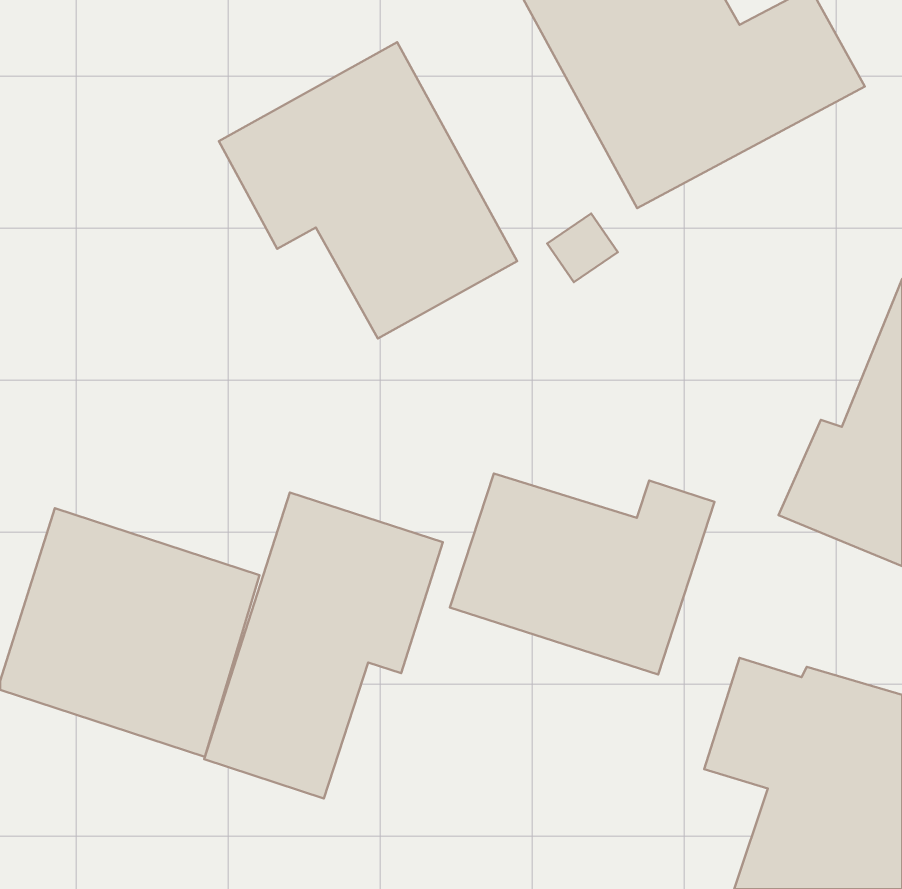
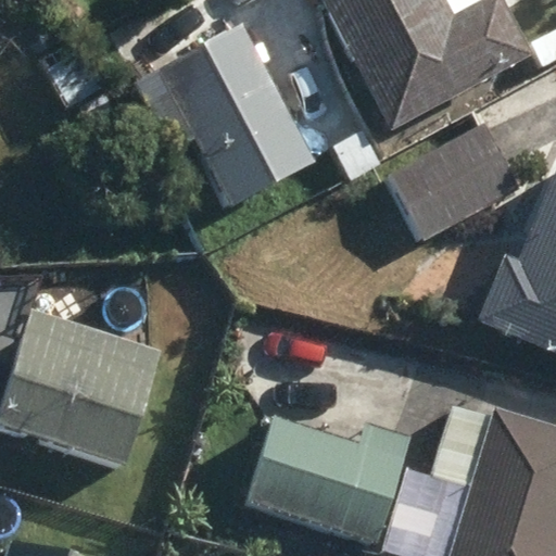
building: none -> [390,122,520,238]
building: [450,474,715,675] -> [249,418,412,542]
building: [204,493,443,798] -> none

